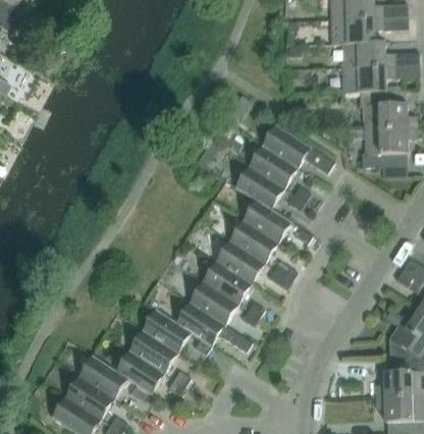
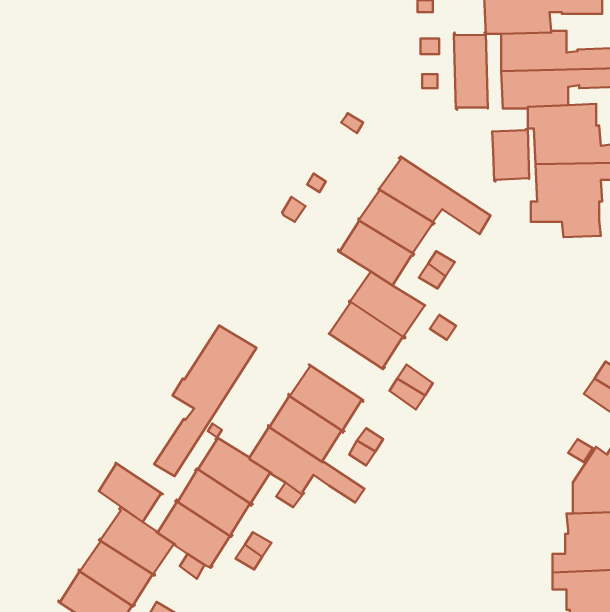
building: none -> [454,33,488,110]
building: none -> [492,129,529,181]
building: none -> [154,325,257,476]
building: [216,240,265,284] -> none
building: none -> [99,463,163,522]

